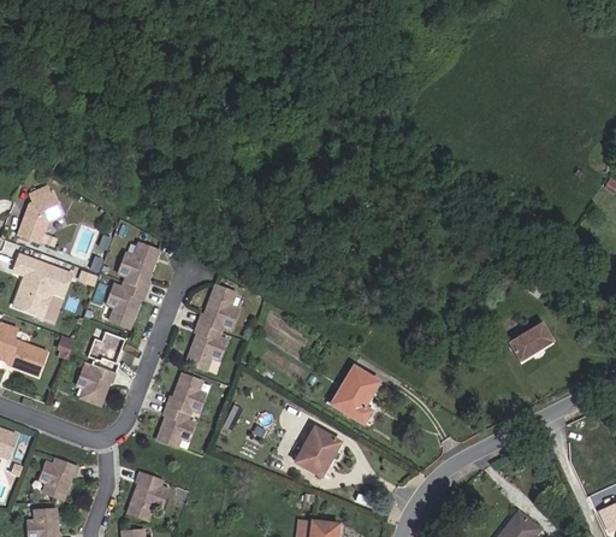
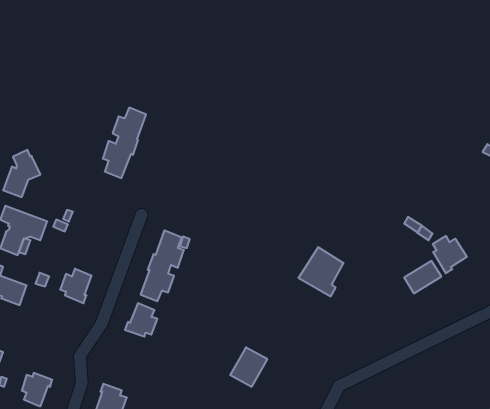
building: [106,242,159,329] -> [103,108,146,178]
building: none -> [433,236,467,273]
building: [76,364,116,406] -> none
building: [330,365,385,425] -> [298,247,344,296]
building: [156,406,195,448] -> none

